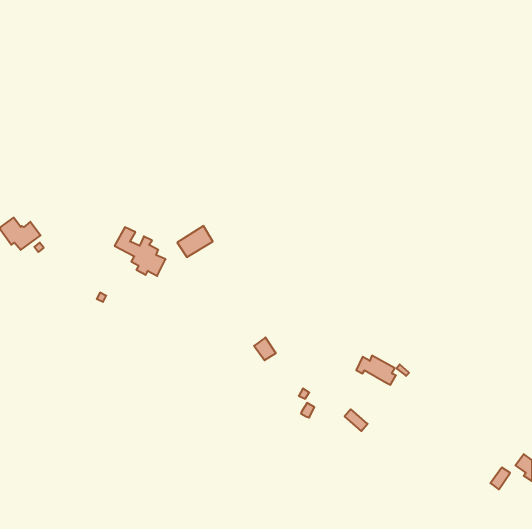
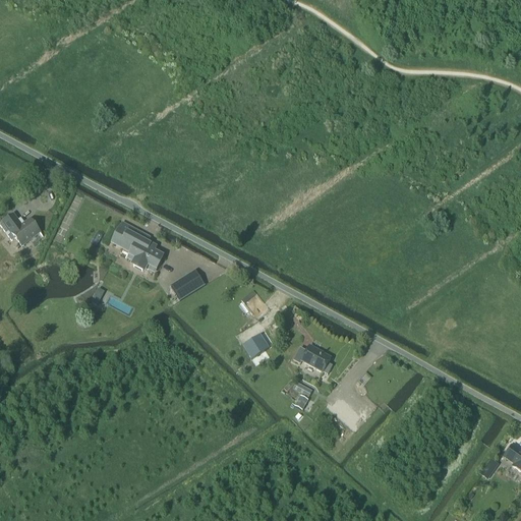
building: [177,226,213,257] -> [170,268,205,298]
building: [356,356,396,385] -> [293,344,332,372]

